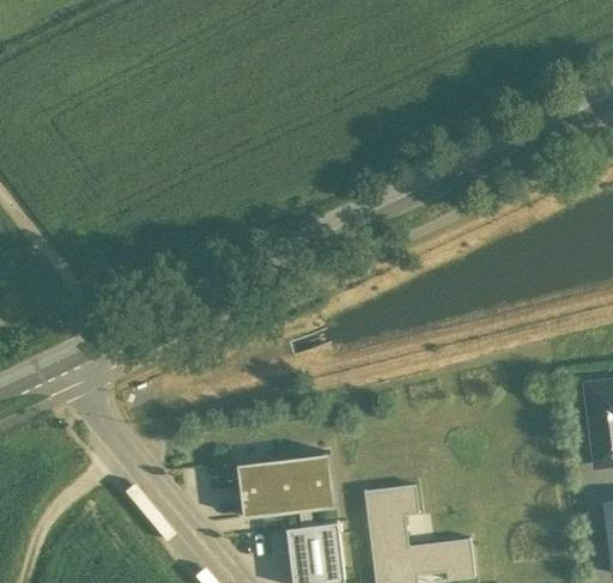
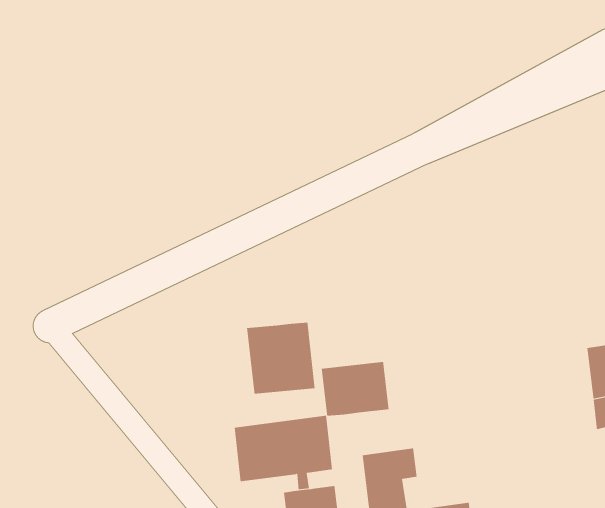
building: none -> [247,322,315,394]
building: none -> [321,361,389,417]

